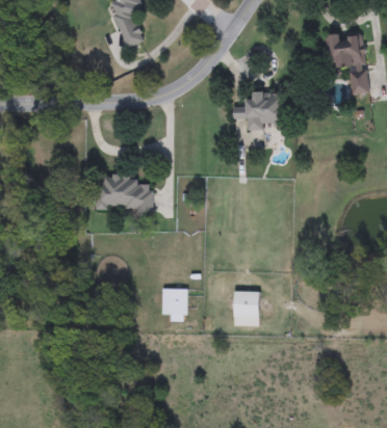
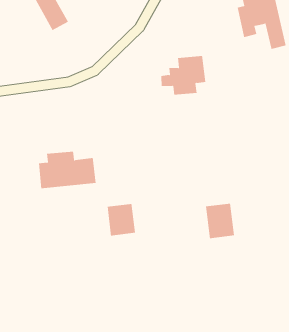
building: [160,289,187,320] -> [107,203,136,236]
building: [233,291,260,325] -> [205,203,235,239]

